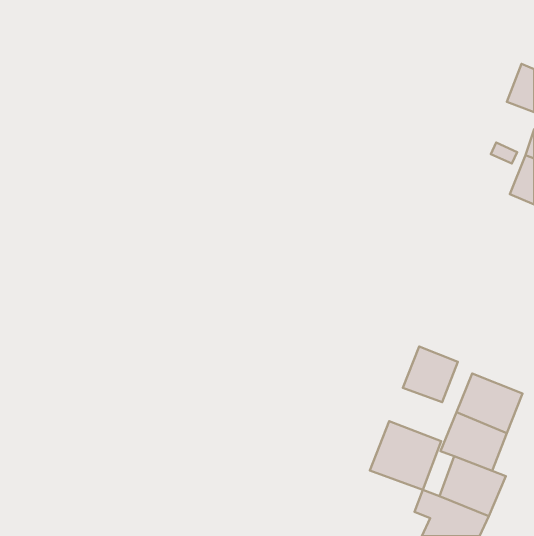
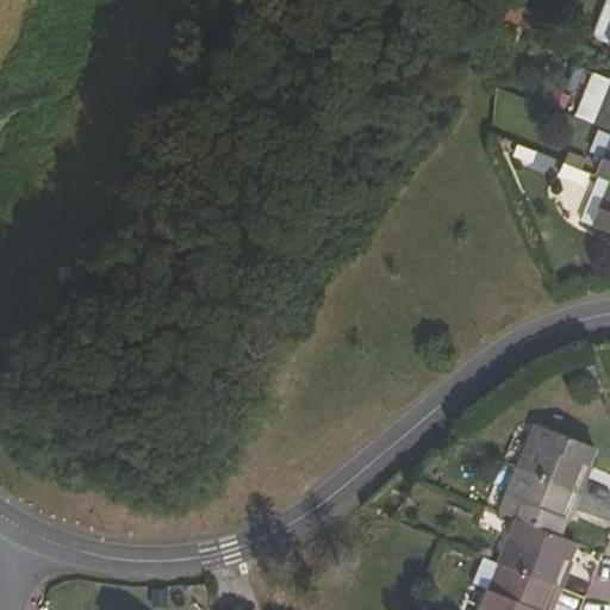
building: [403,347,458,402] -> none
building: [370,421,441,490] -> none

